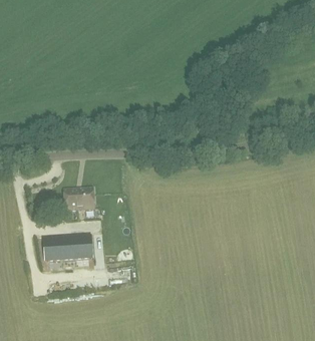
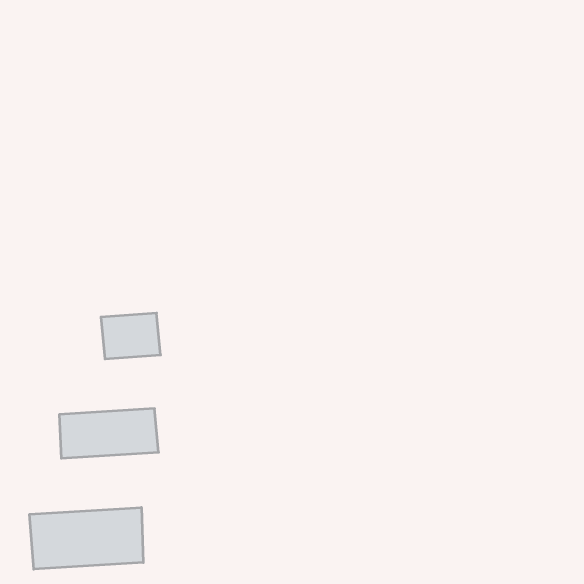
building: none -> [30,507,143,569]

